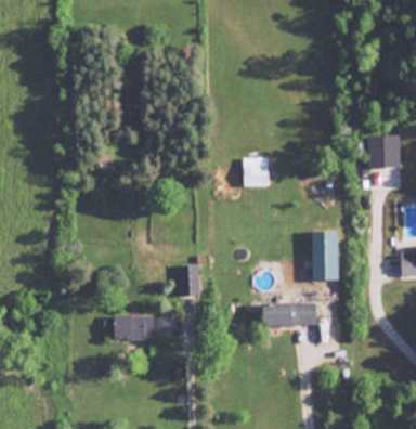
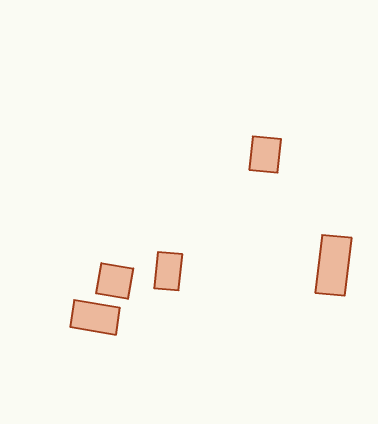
building: none -> [96,263,133,299]
building: [263,302,316,326] -> none

